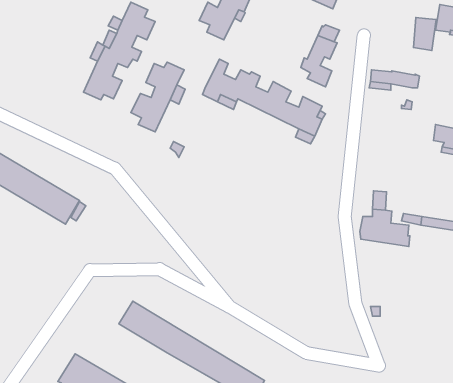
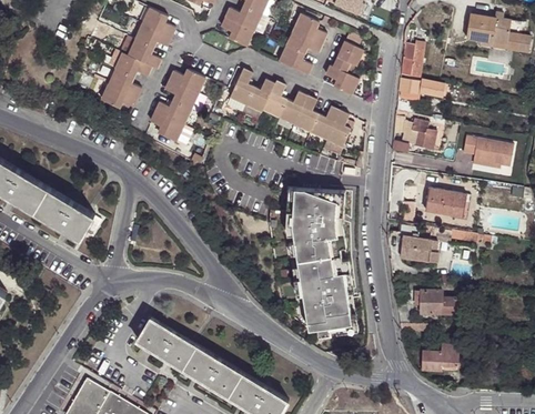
building: none -> [279,14,325,74]
building: [414,17,436,51] -> [400,42,423,77]
building: none -> [390,117,438,152]
building: none -> [284,189,354,336]
building: none -> [423,189,464,218]
building: none -> [421,291,455,314]
building: none -> [421,345,457,371]

